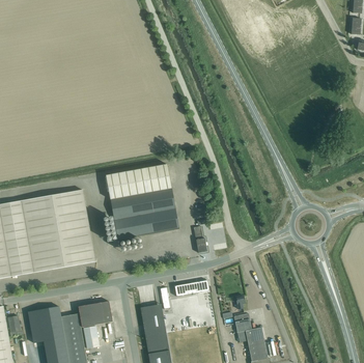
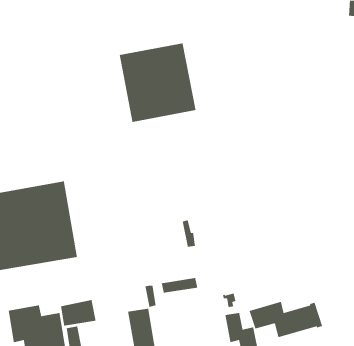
building: [105,164,178,240] -> [119,43,196,123]
building: none -> [249,301,323,338]

